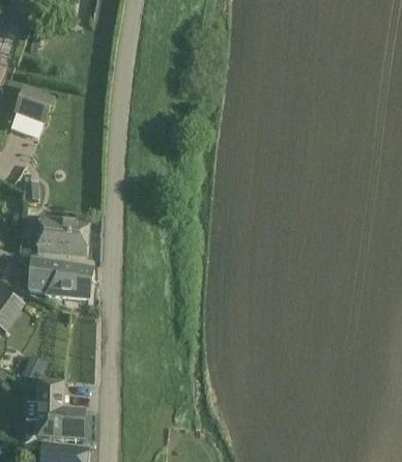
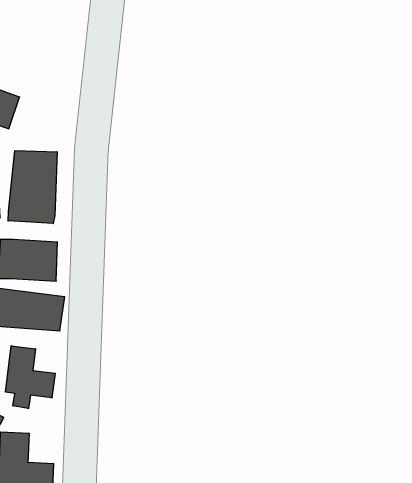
building: none -> [8,151,57,224]
building: none -> [6,346,55,409]

